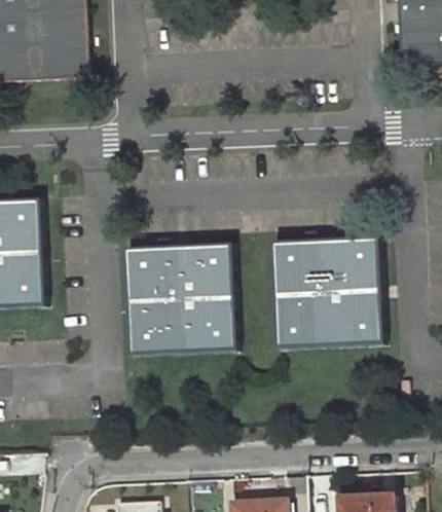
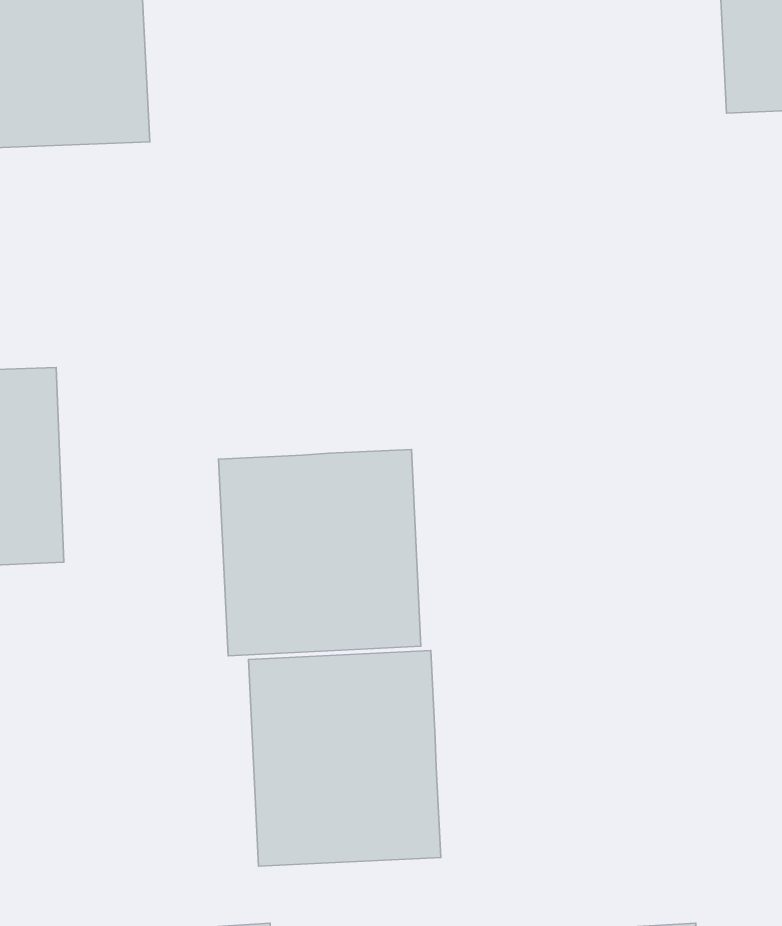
building: [272,237,382,348] -> none
building: none -> [249,651,441,866]

